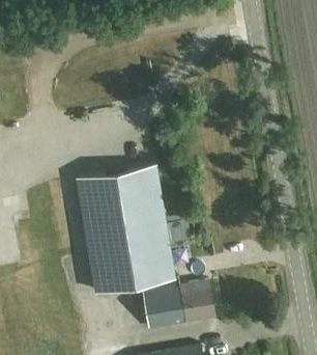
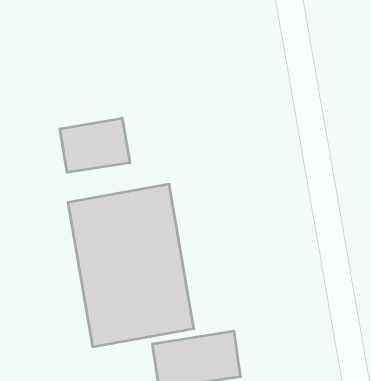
building: none -> [60,118,130,172]

